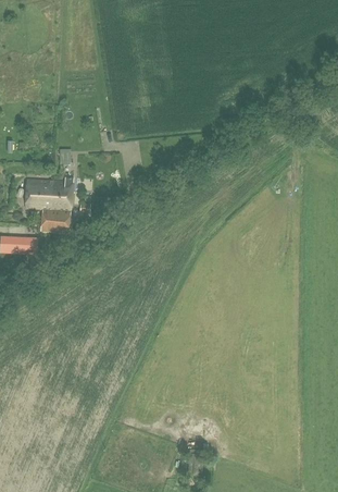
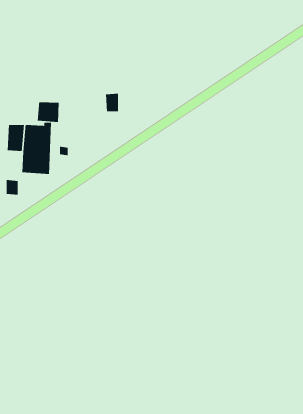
building: none -> [37,101,59,123]

